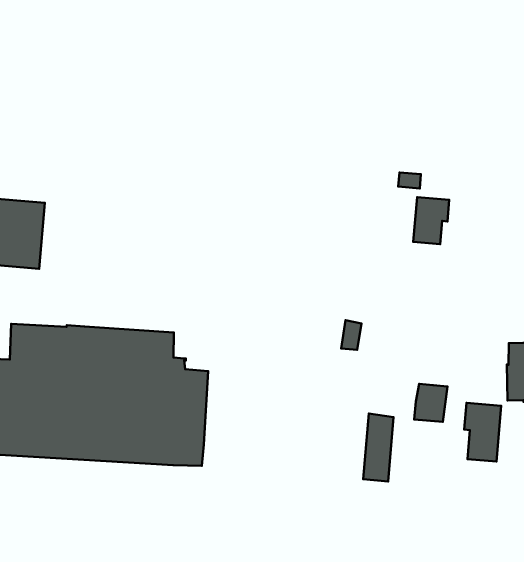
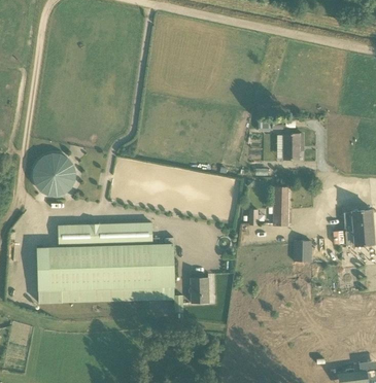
building: [464,403,501,462] -> none
building: [363,413,394,481] -> [274,187,288,225]
building: none -> [191,279,209,304]

